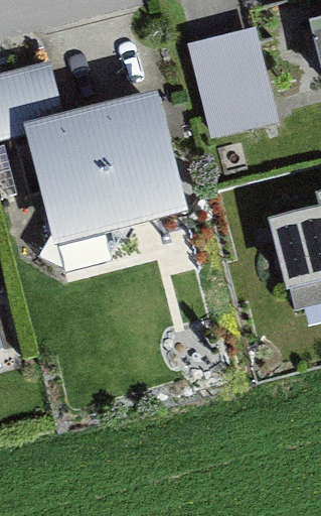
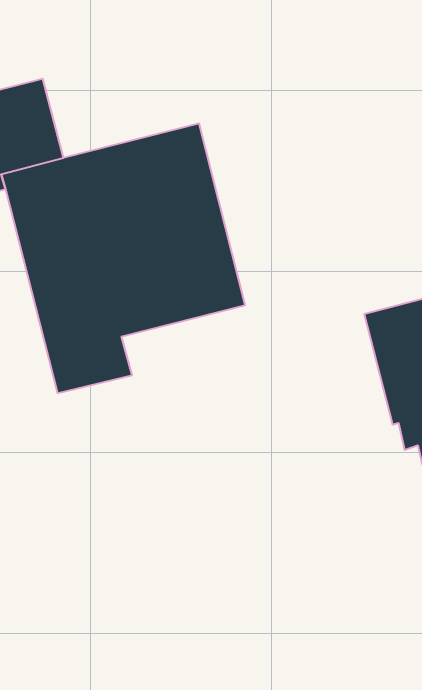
building: [188,27,272,128] -> none

